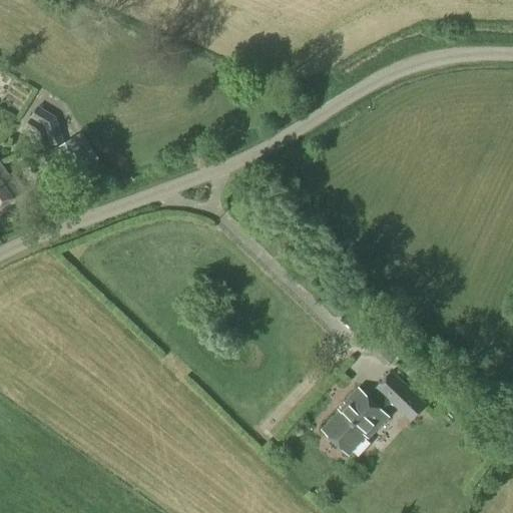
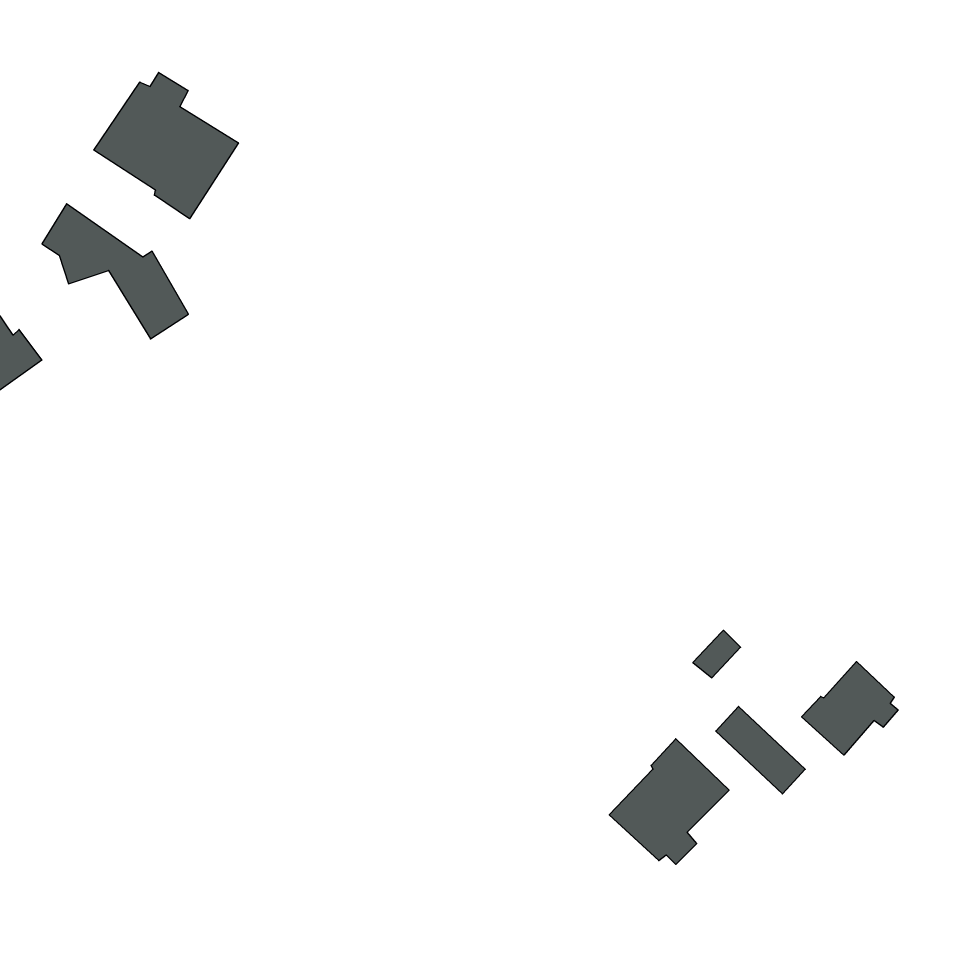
building: none -> [94,72,238,219]
building: none -> [802,662,898,755]

